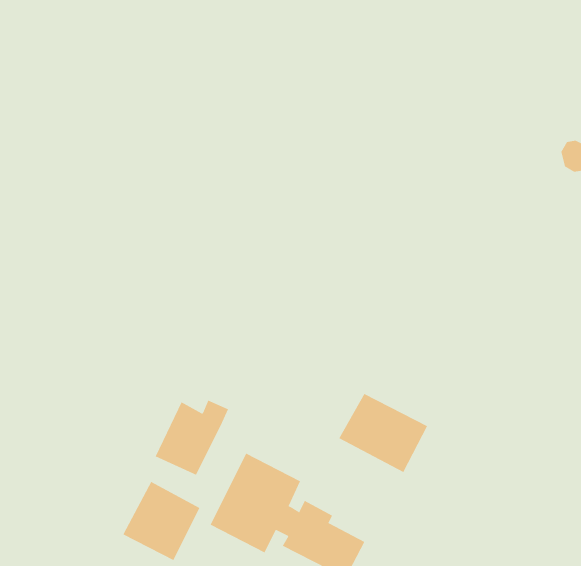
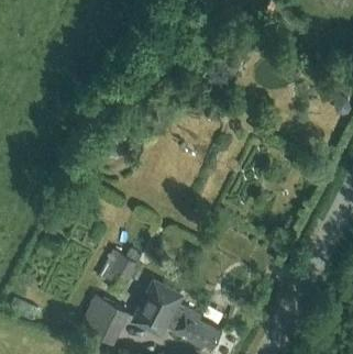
building: [338,393,428,473] -> none

